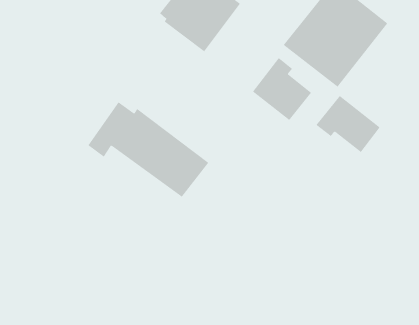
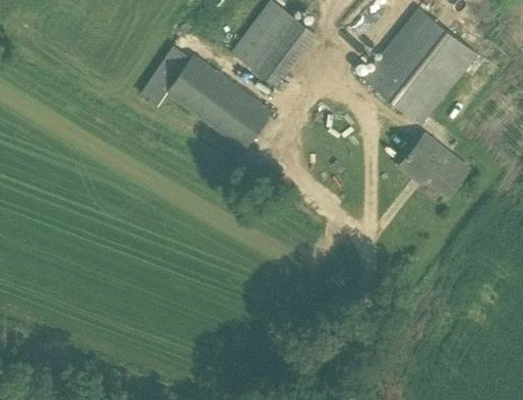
building: [252,57,312,121] -> none
building: [87,102,209,197] -> [138,45,273,151]

